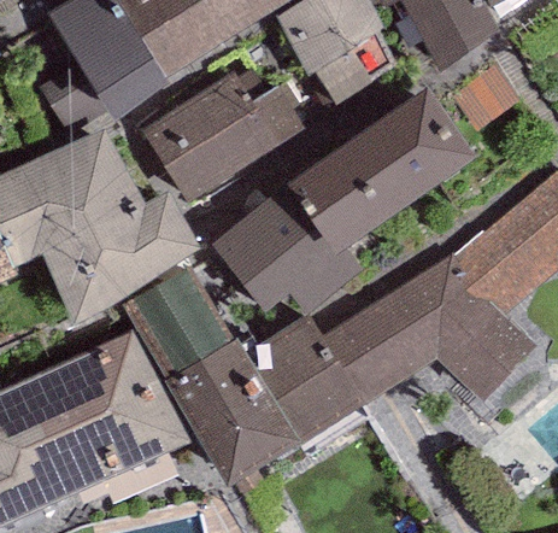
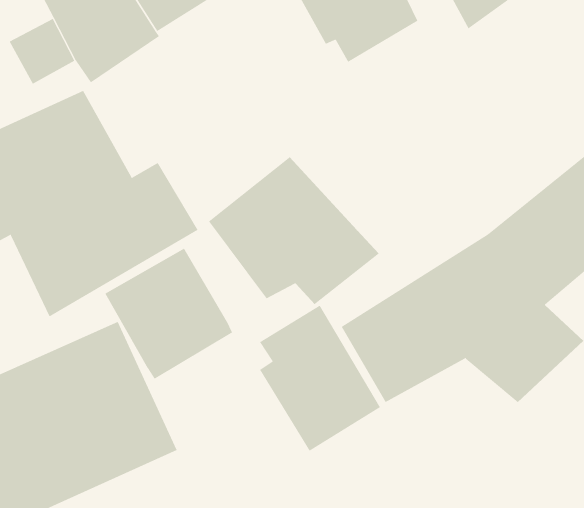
building: [142,65,306,201] -> none
building: [282,84,475,248] -> none
building: [164,336,299,485] -> none

